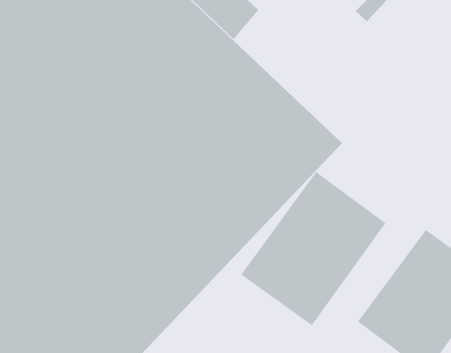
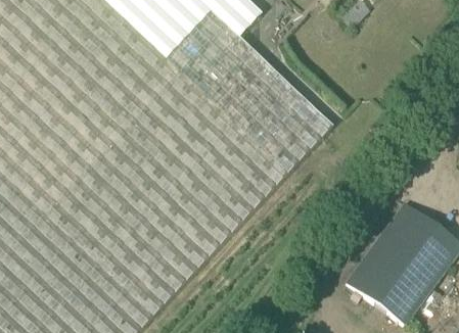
building: [240,171,386,326] -> none

